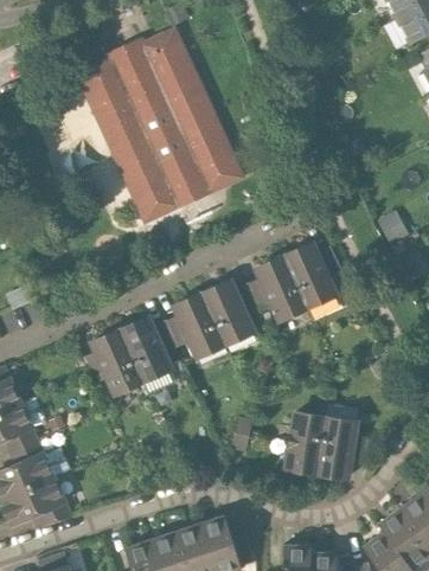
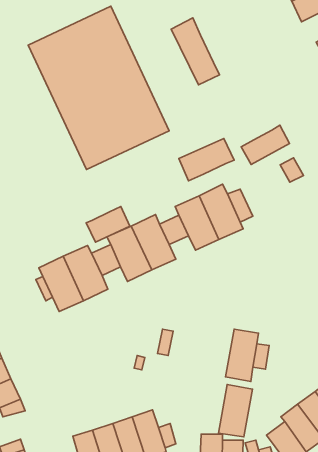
building: none -> [171,18,220,85]
building: none -> [241,125,289,165]
building: none -> [179,139,234,181]
building: none -> [86,206,130,242]
building: [283,412,325,476] -> [218,384,252,437]

